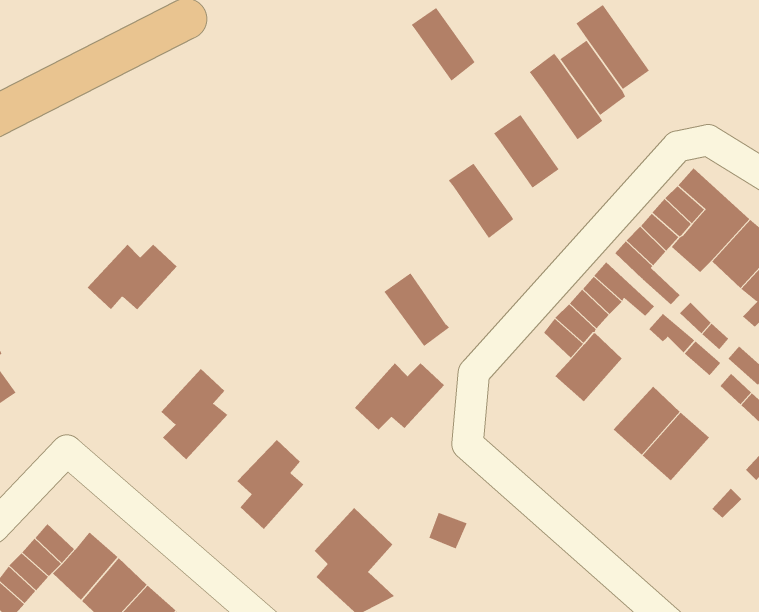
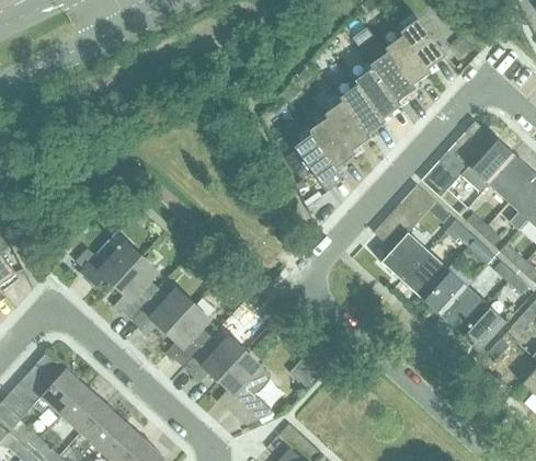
building: [411,7,475,81] -> [355,69,399,119]
building: none -> [324,103,369,153]
building: [87,244,177,310] -> [80,242,141,287]
building: [383,272,450,347] -> [294,135,339,185]
building: none -> [401,251,448,299]
building: [354,363,445,431] -> [184,336,246,382]
building: none -> [132,289,193,335]
building: none -> [460,304,506,353]

